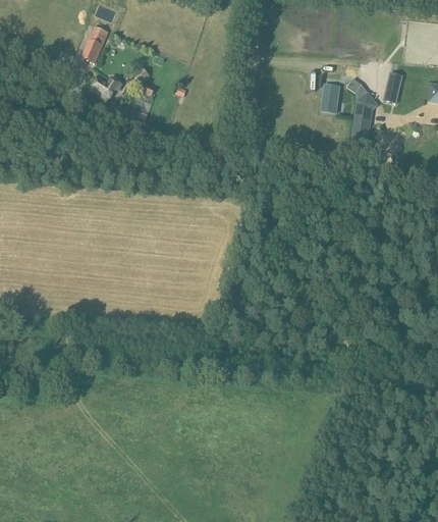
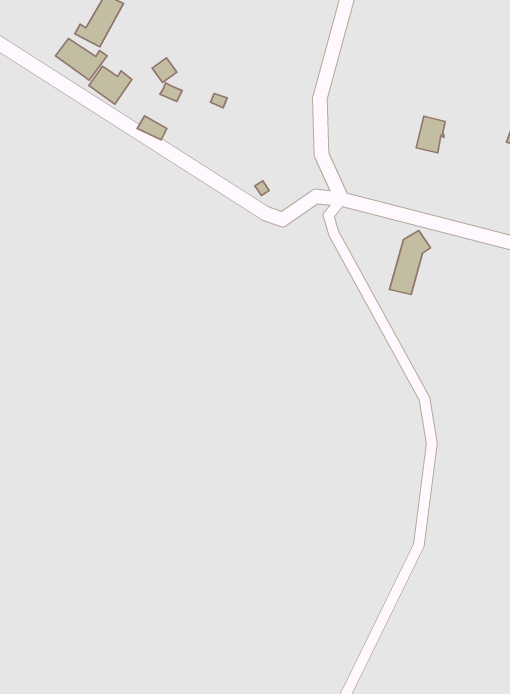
building: none -> [55,39,107,80]
building: [351,92,377,137] -> [390,231,430,295]

